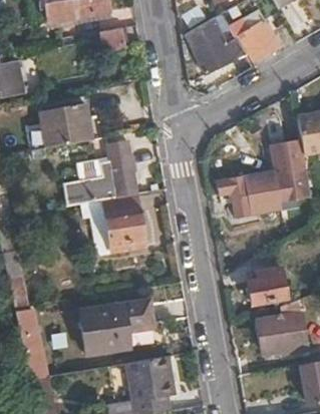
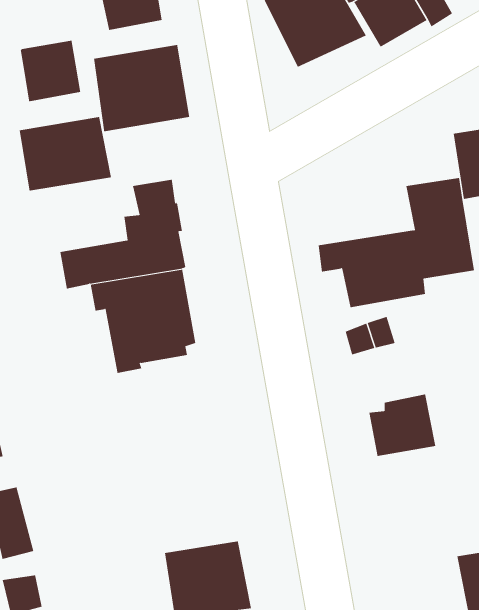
building: none -> [20,40,81,102]
building: none -> [93,44,190,132]
building: [79,299,155,355] -> none
building: [257,300,308,354] -> none

